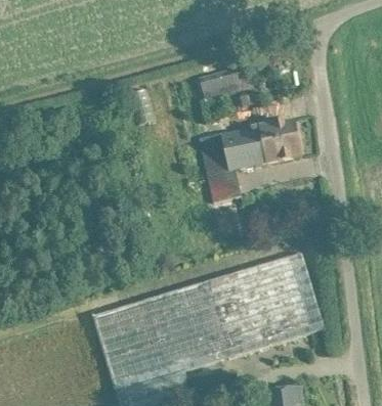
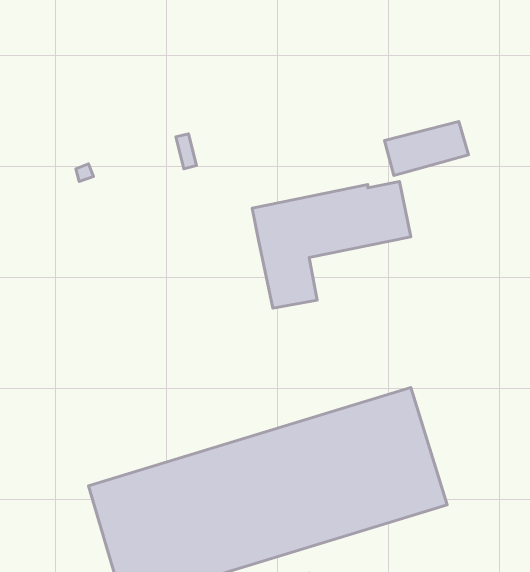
building: [199,63,253,98] -> [384,122,468,175]

